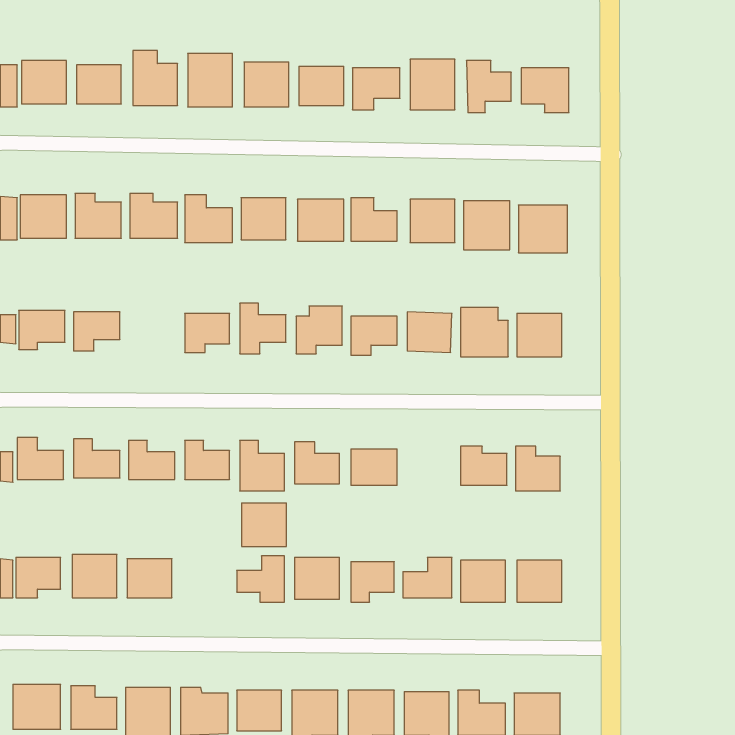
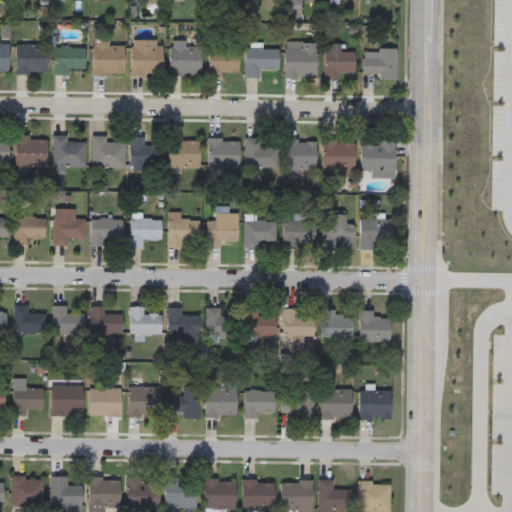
building: none -> [91,219,123,245]
building: none -> [283,309,315,338]
building: [242,503,286,546] -> [128,387,159,417]

